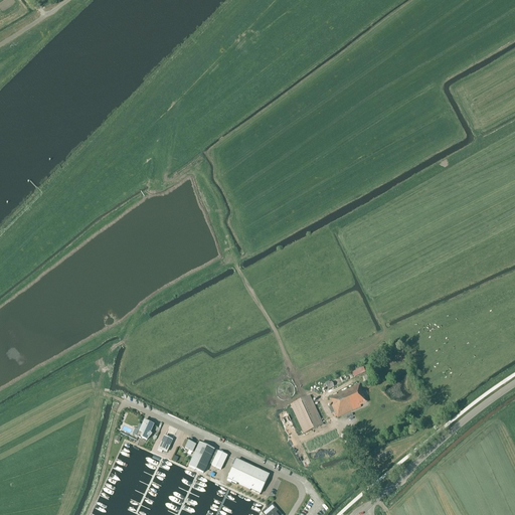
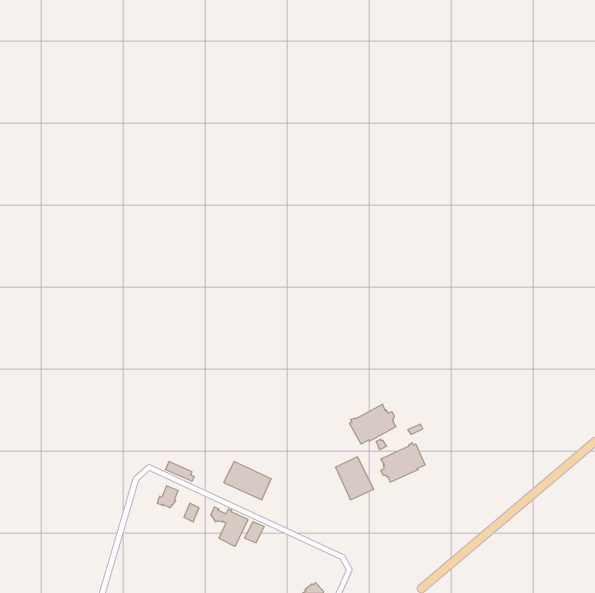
building: none -> [350,404,396,444]
building: [227,459,269,492] -> [224,461,271,500]

